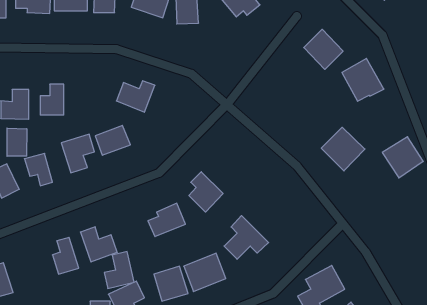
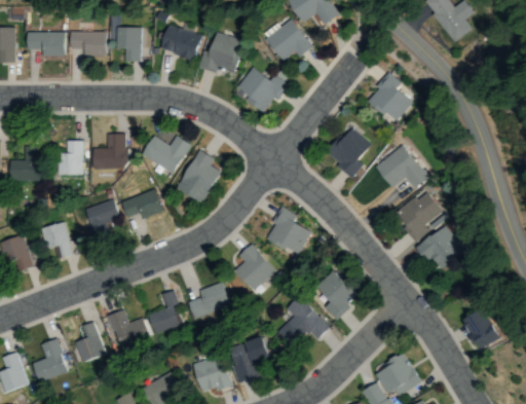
building: none -> [237,65,287,113]
building: [342,58,384,101] -> [372,145,421,195]
building: none -> [322,125,371,176]
building: none -> [95,138,127,169]
building: none -> [179,149,222,203]
building: [7,128,27,156] -> none
building: [382,137,423,178] -> [411,226,459,274]
building: none -> [260,208,309,255]
building: none -> [306,268,355,318]
building: none -> [457,305,497,348]
building: [104,252,134,288] -> [146,289,181,332]
building: none -> [29,337,66,381]

